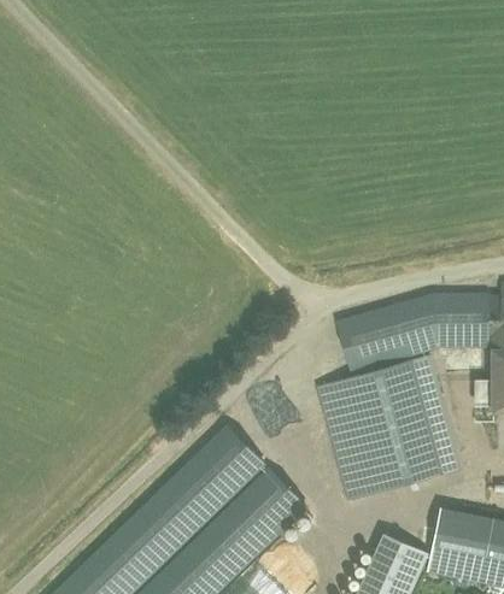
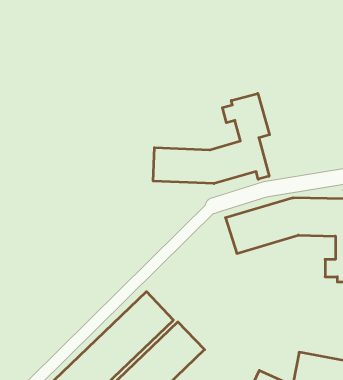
building: none -> [153,93,270,184]
building: [316,354,465,500] -> none

